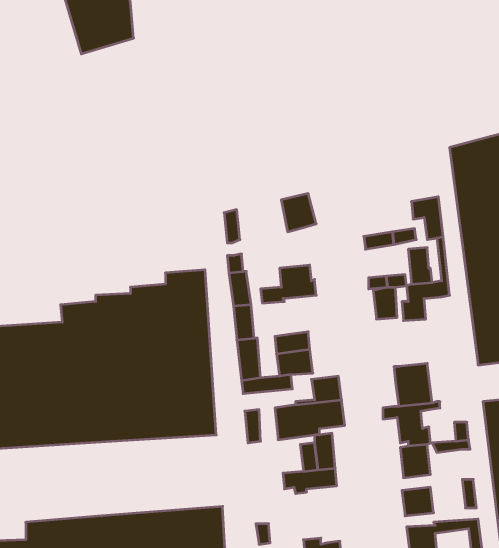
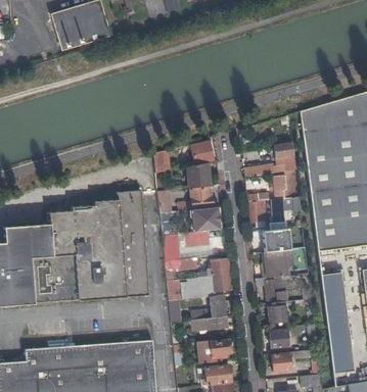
building: none -> [188,161,210,187]
building: none -> [192,206,220,231]
building: none -> [262,228,287,251]
building: none -> [198,339,231,363]

